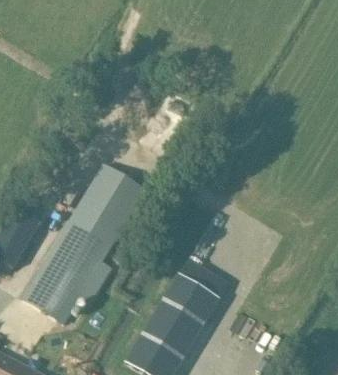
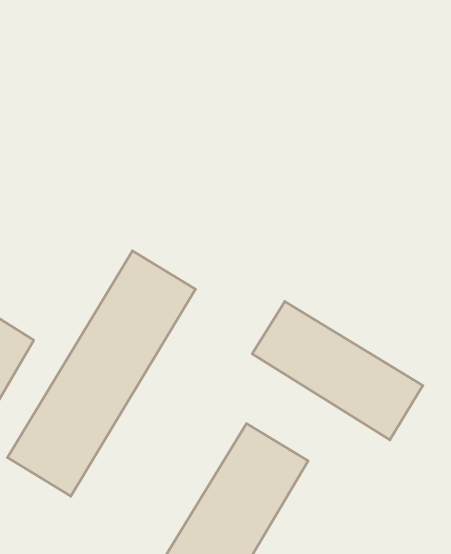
building: none -> [252,301,423,440]

